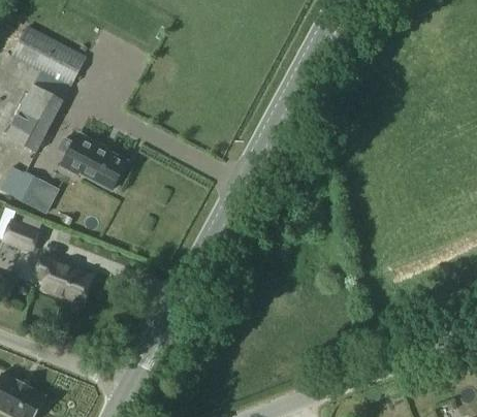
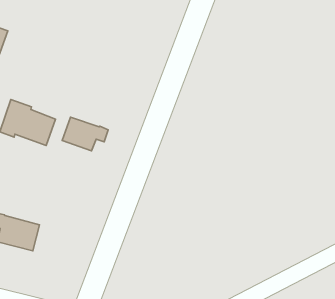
building: none -> [62,117,108,151]

